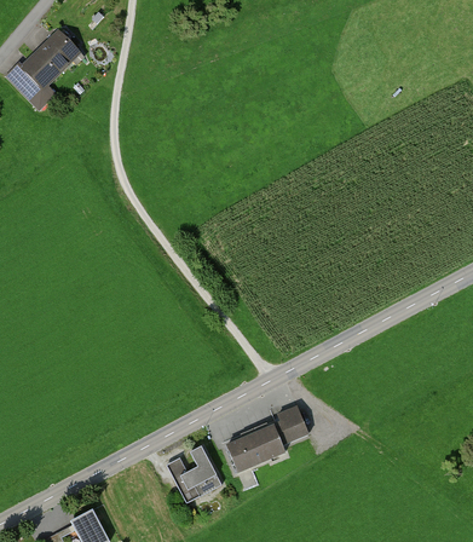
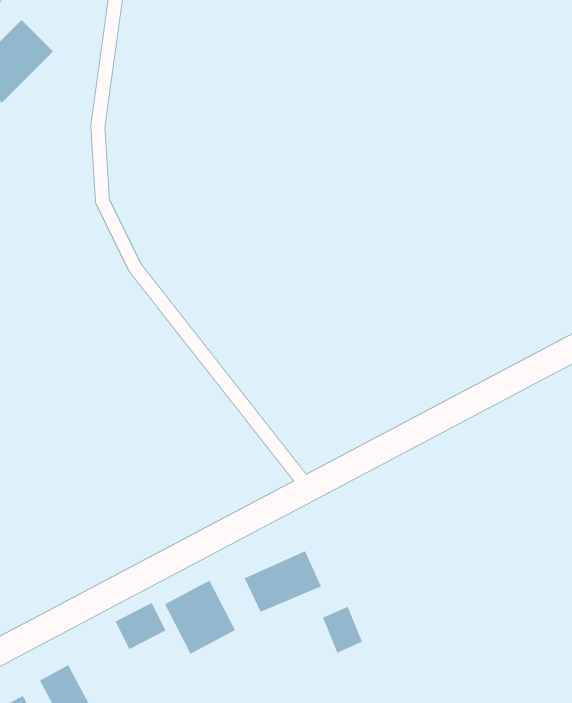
building: [277,408,307,443] -> [322,606,363,653]
building: none -> [115,602,166,650]

